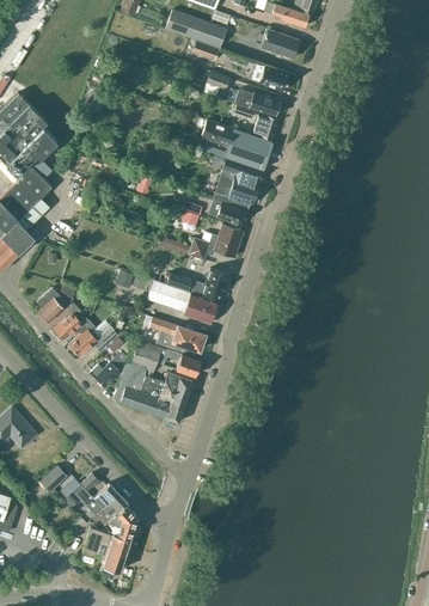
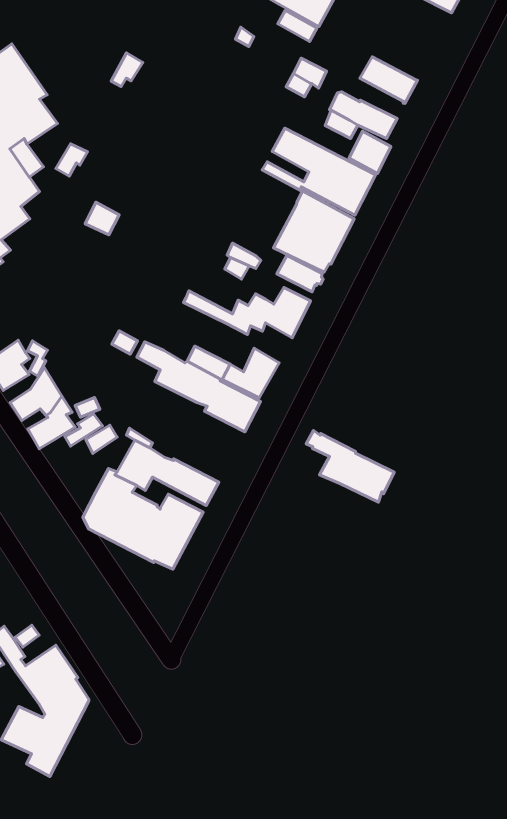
building: [263,30,299,59] -> none
building: [145,316,206,356] -> [306,431,394,502]
building: [90,351,128,387] -> none

